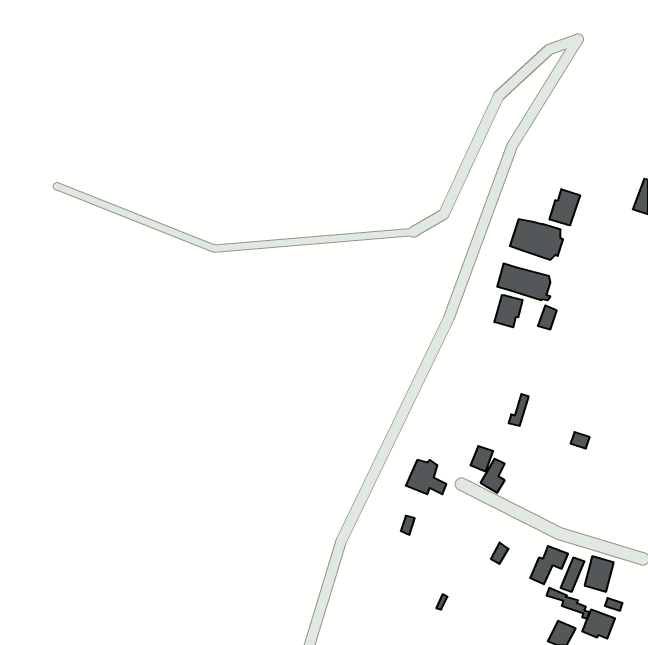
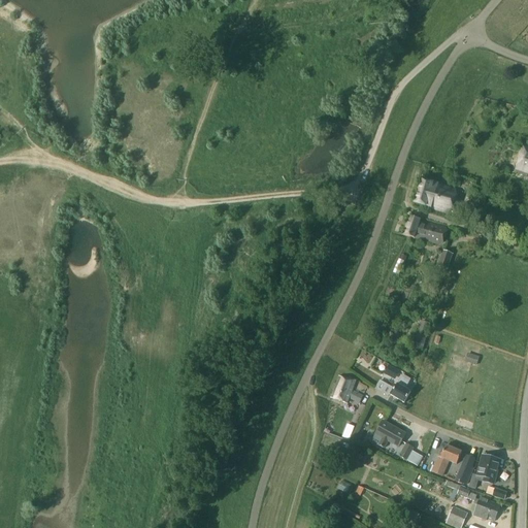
building: [550,189,580,225] -> none
building: [494,295,522,327] -> none
building: none -> [375,420,405,447]

